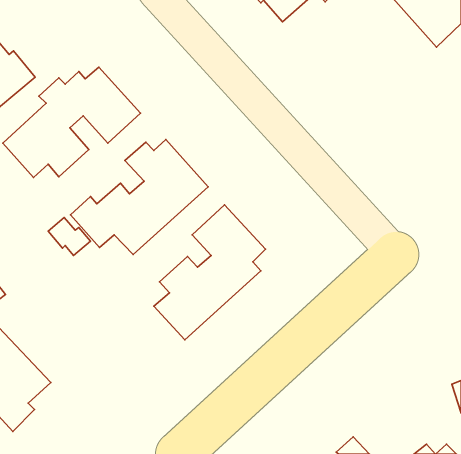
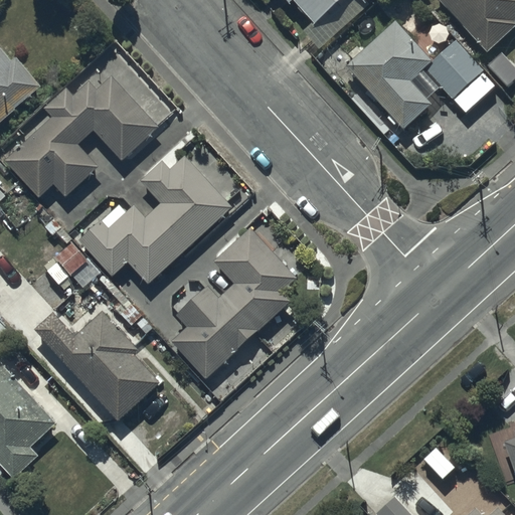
building: none -> [343,19,481,130]
building: none -> [34,312,159,420]

